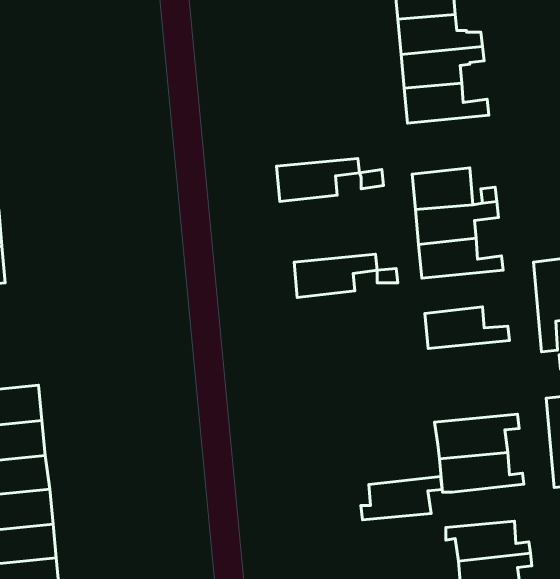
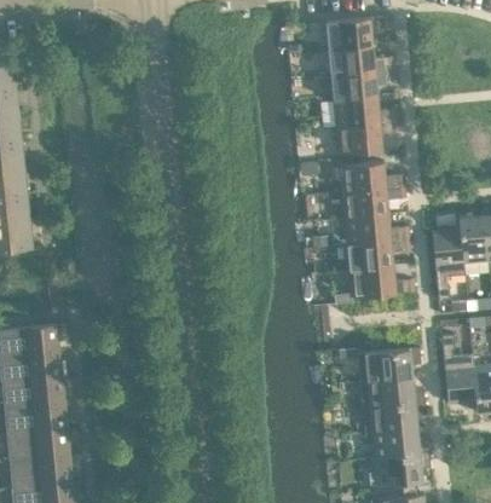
building: [277,158,360,201] -> [336,121,399,154]
building: [294,254,377,297] -> [347,238,410,271]
building: [361,477,442,520] -> [364,400,426,433]

